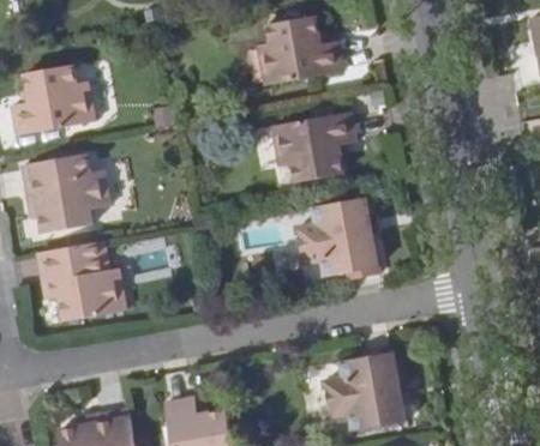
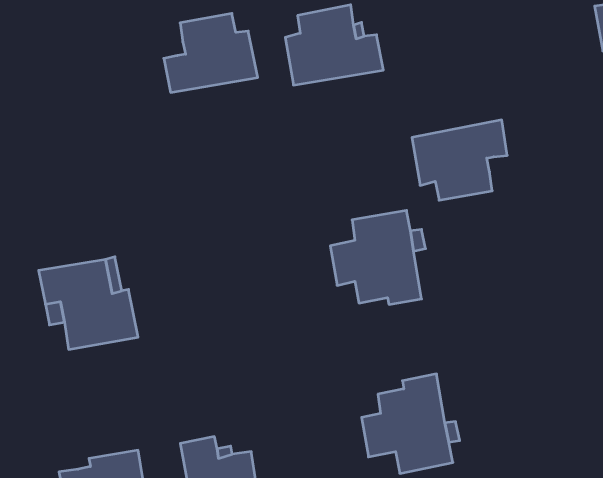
building: [12,65,95,134] -> [164,13,258,92]
building: [271,113,355,183] -> [412,120,507,200]
building: [25,152,110,233] -> none

